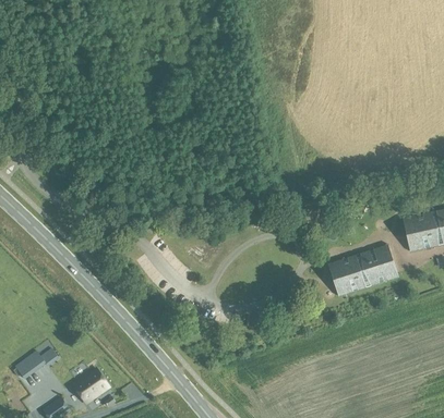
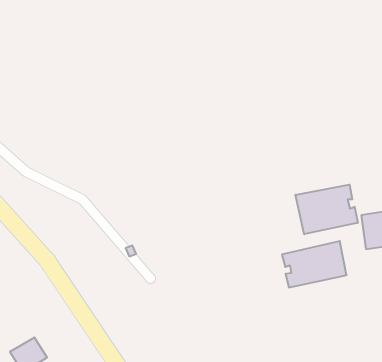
building: none -> [295,185,358,234]

